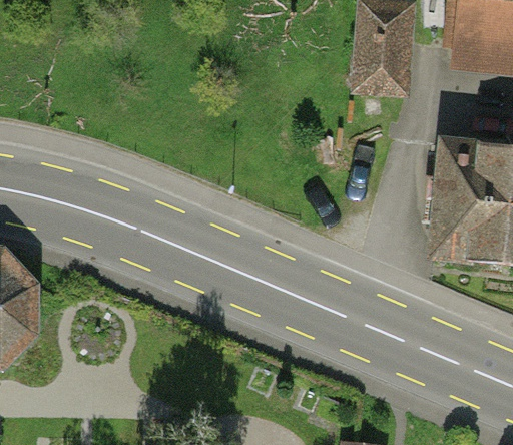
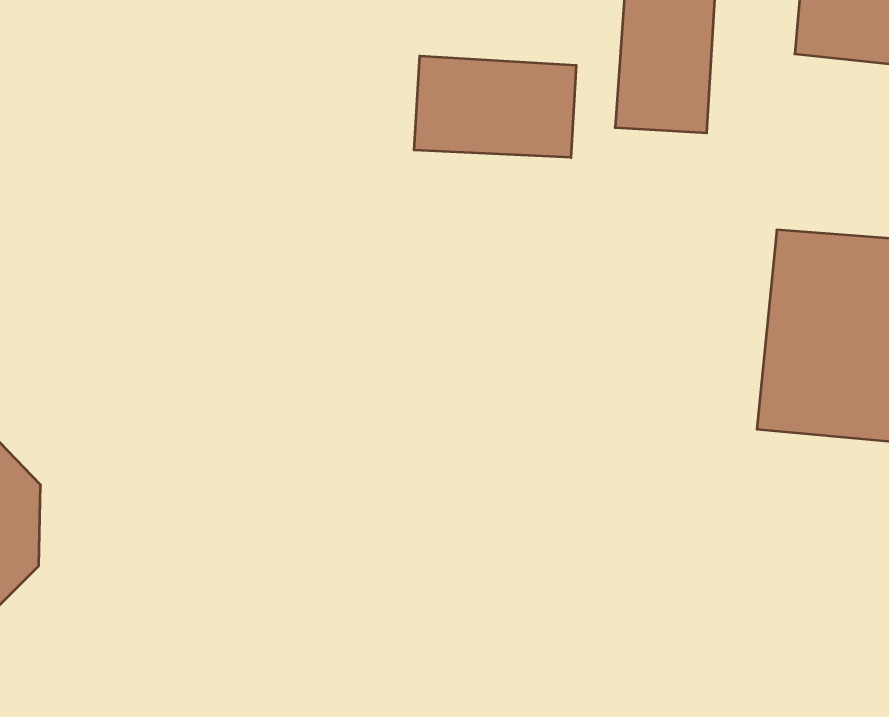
building: none -> [414,56,576,158]

